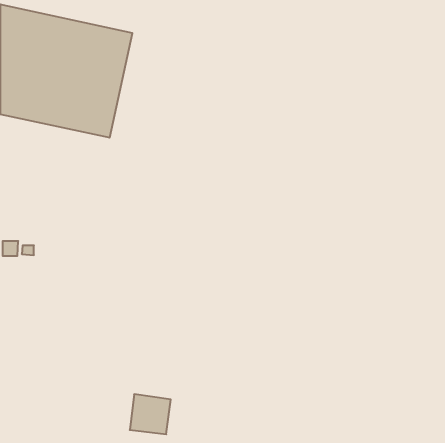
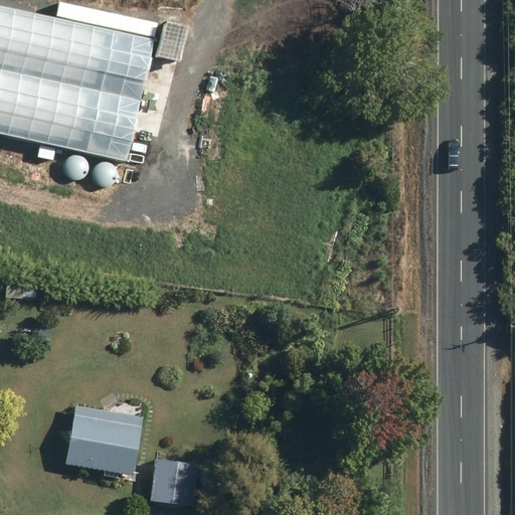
building: none -> [64,404,142,473]

